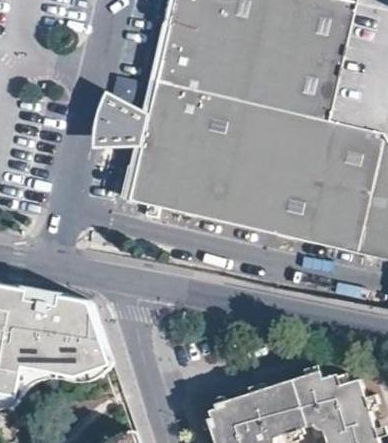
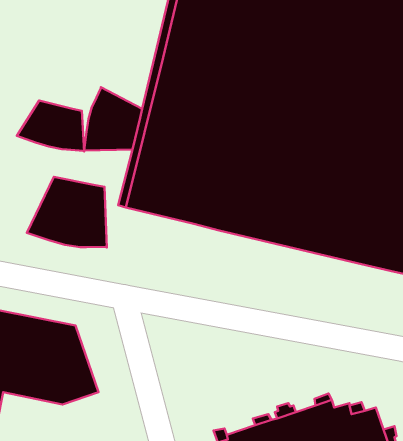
building: none -> [17,101,84,151]
building: none -> [27,177,107,247]

